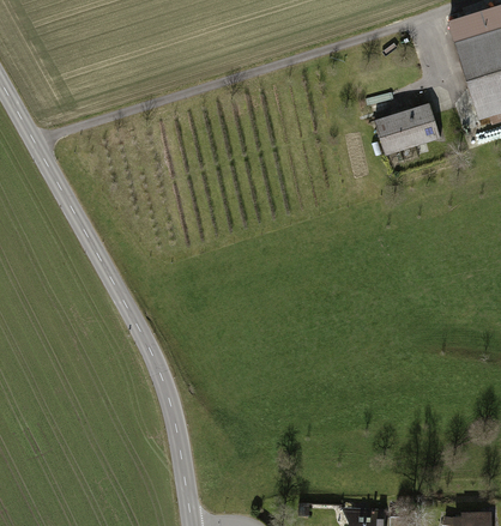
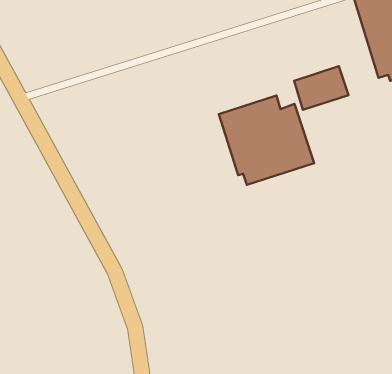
building: none -> [219,96,314,185]

